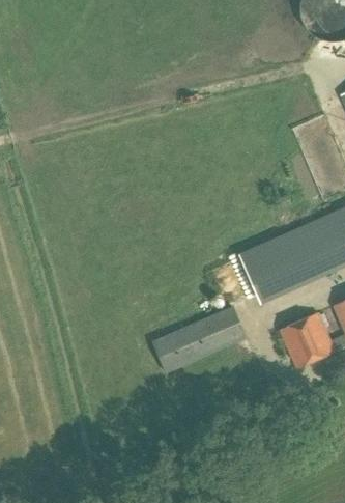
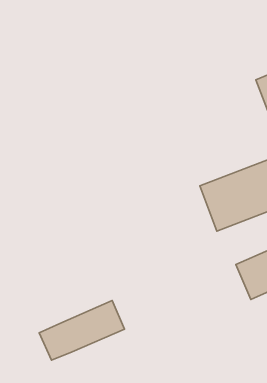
building: [152,308,246,373] -> [39,301,124,360]

